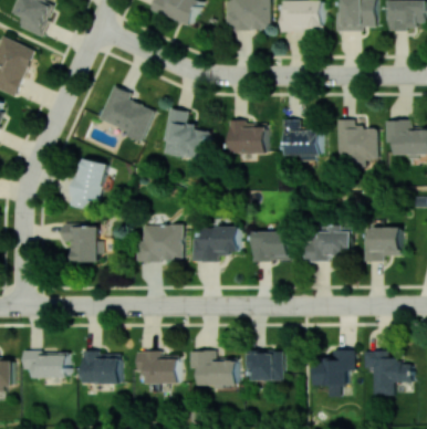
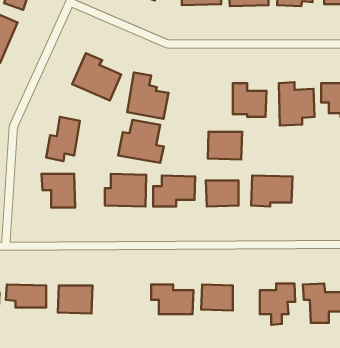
building: [227,122,267,154] -> [208,132,242,160]
building: none -> [118,120,164,163]
building: [363,228,400,261] -> none
building: [135,350,177,384] -> none

